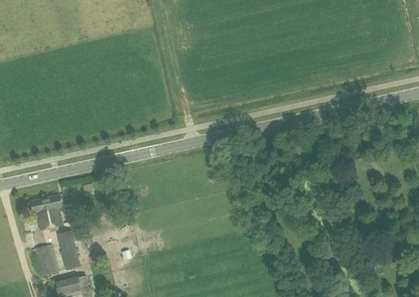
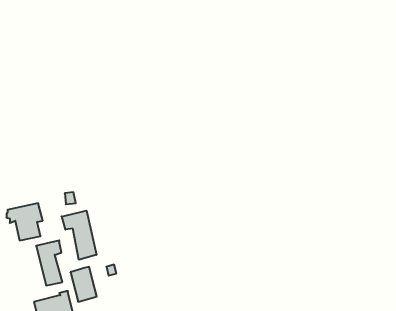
building: none -> [61,211,96,260]
building: [34,243,58,275] -> [70,267,97,302]

